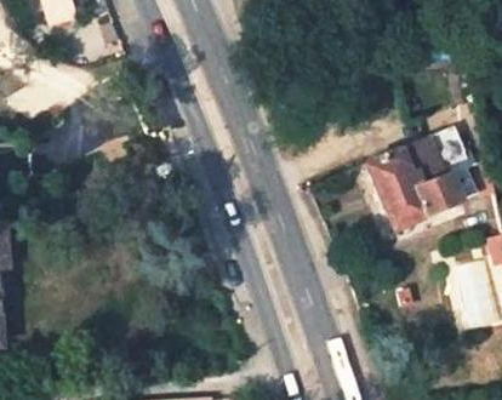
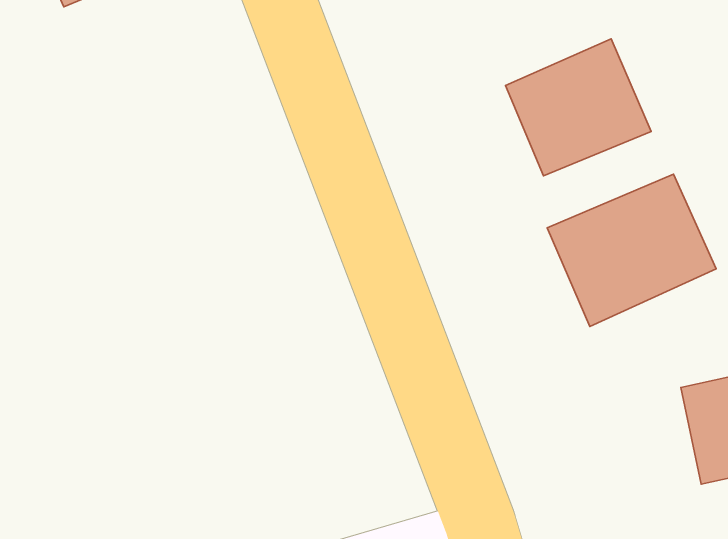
building: none -> [506,39,651,176]

